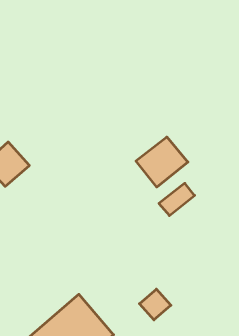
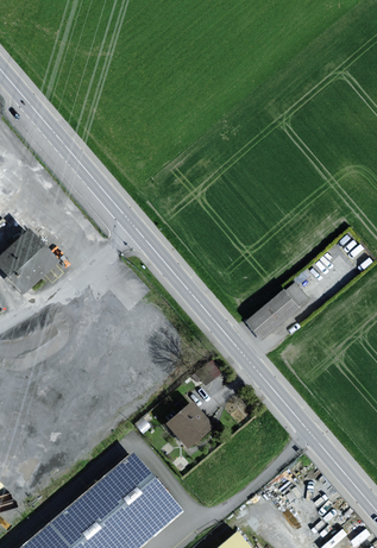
building: [136,137,188,187] -> none
building: [139,289,171,320] -> [165,403,212,448]

